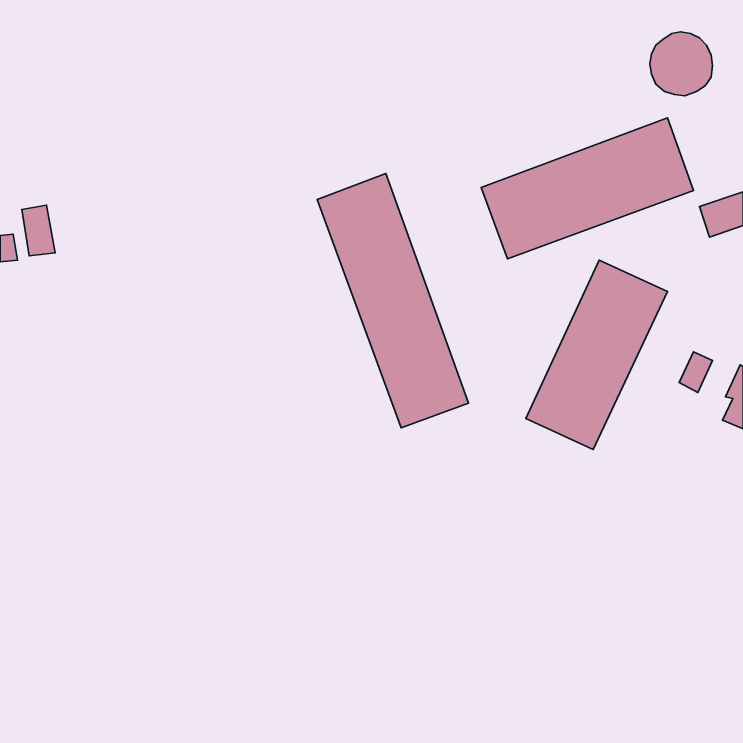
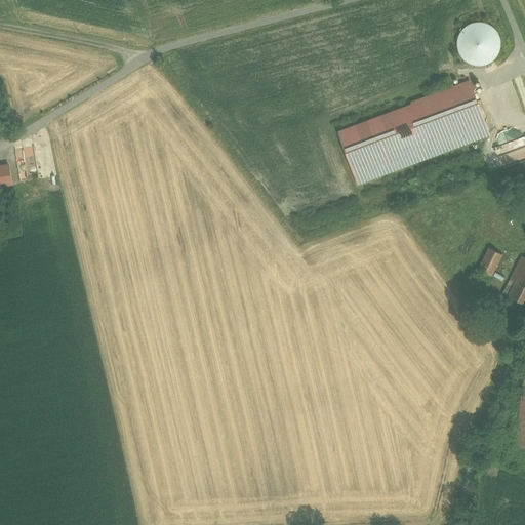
building: [317,174,469,428] -> none
building: [526,260,668,450] -> none

